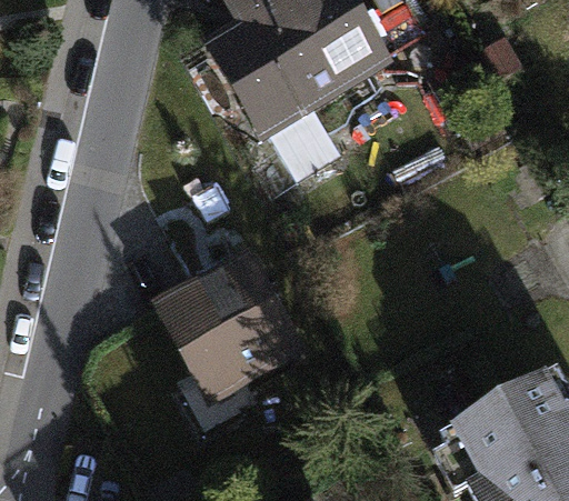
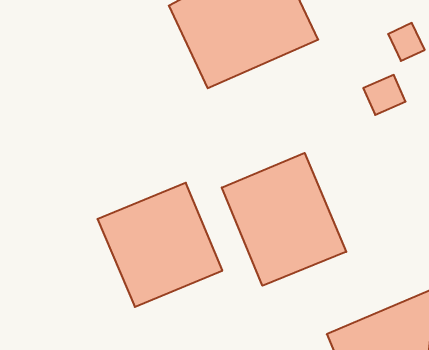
building: none -> [222,153,346,286]

